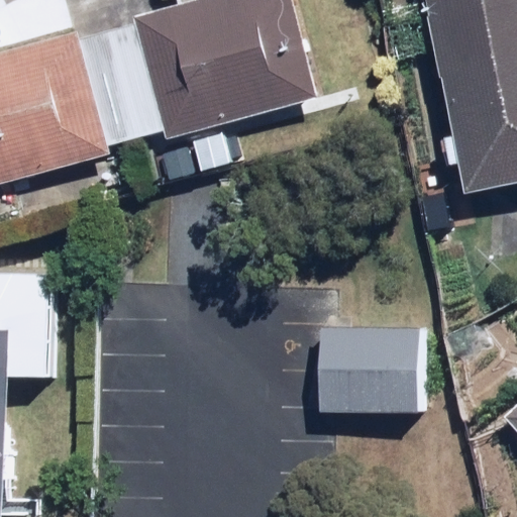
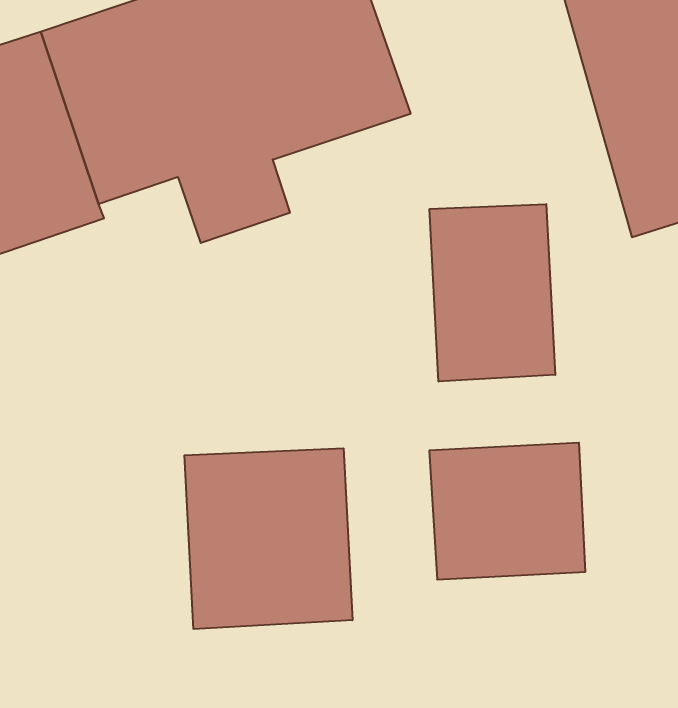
building: none -> [430,204,555,382]
building: none -> [184,448,352,629]

